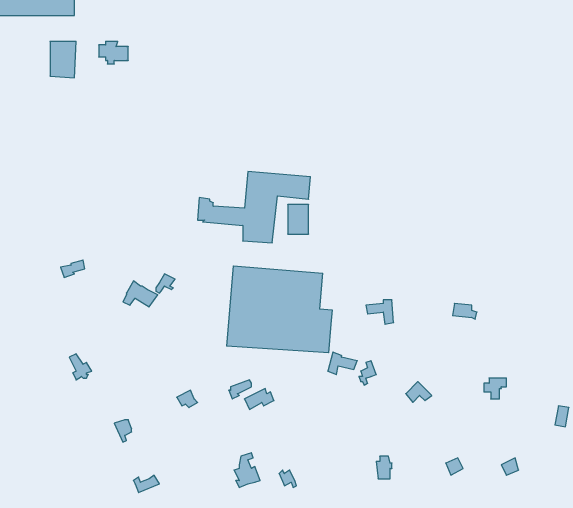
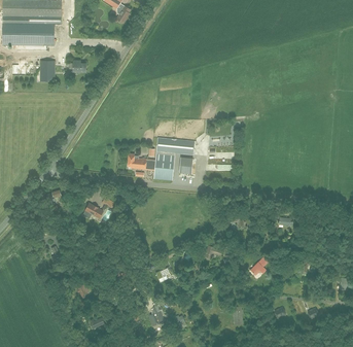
building: [227,266,332,353] -> none

